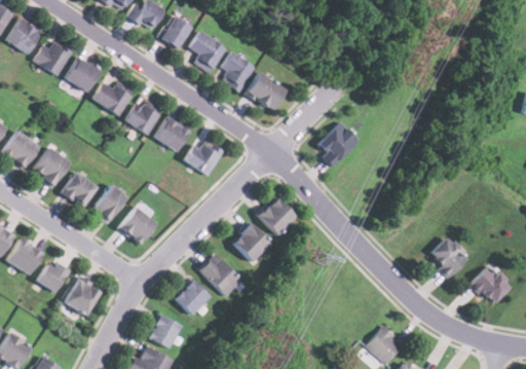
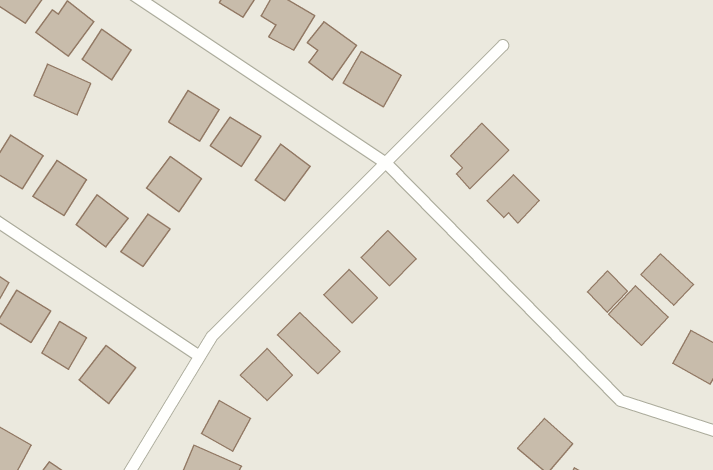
building: [91,80,130,115] -> [34,64,91,115]
building: none -> [487,175,539,223]
building: [118,206,156,244] -> [146,157,202,212]
building: none -> [641,254,694,305]
building: none -> [587,271,627,312]

